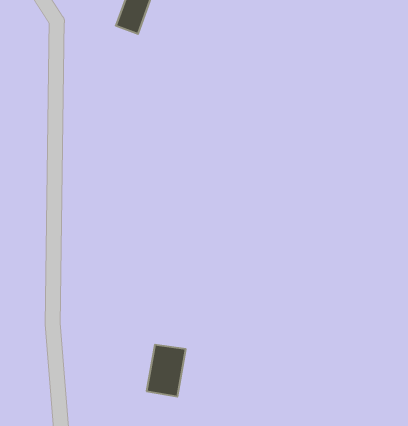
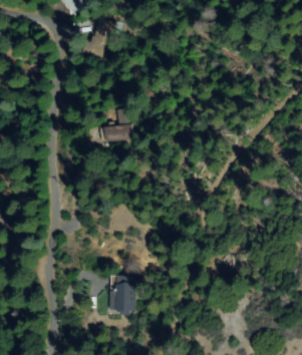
building: none -> [100,111,128,141]

